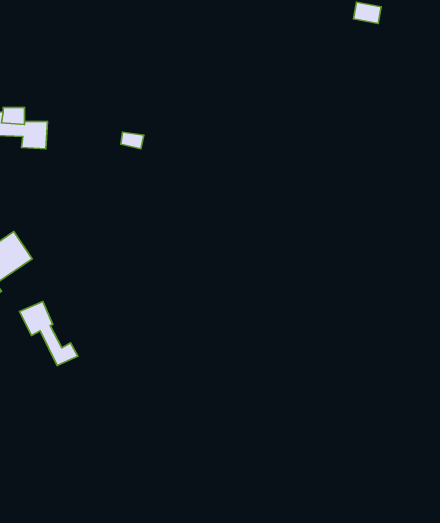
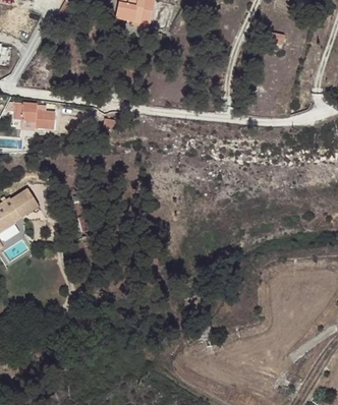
building: [19,301,78,365] -> none

